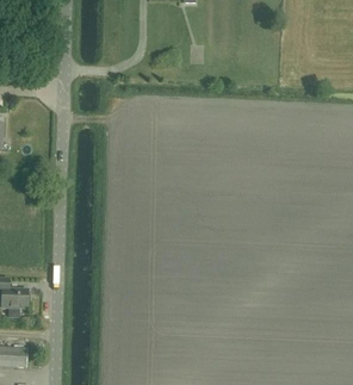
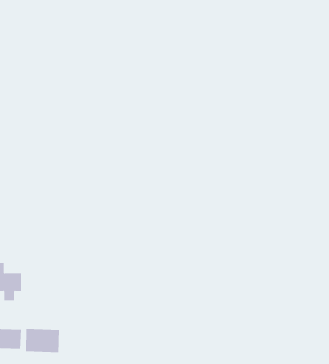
building: none -> [25,328,59,353]

